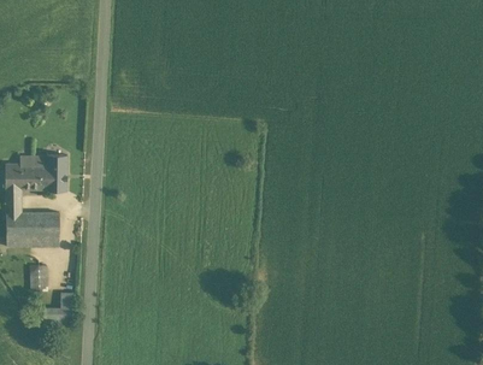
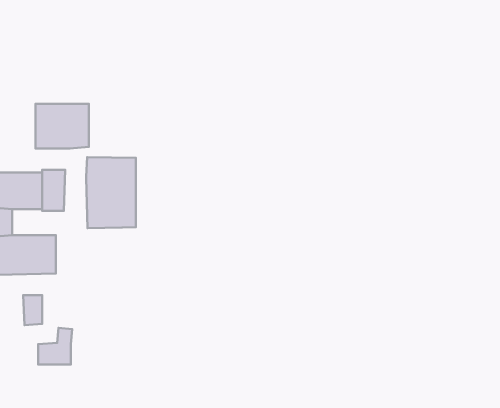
building: none -> [36,104,89,148]
building: none -> [86,157,136,228]

